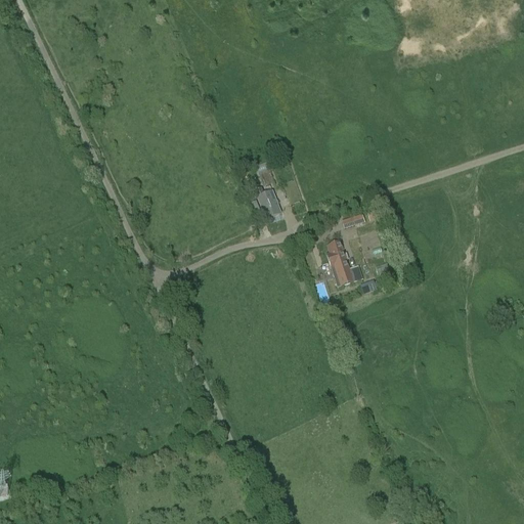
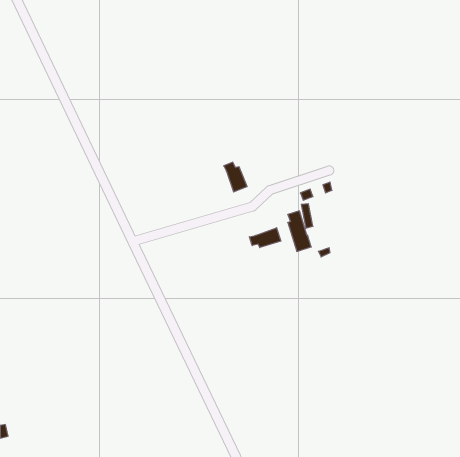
building: none -> [249,228,281,248]

